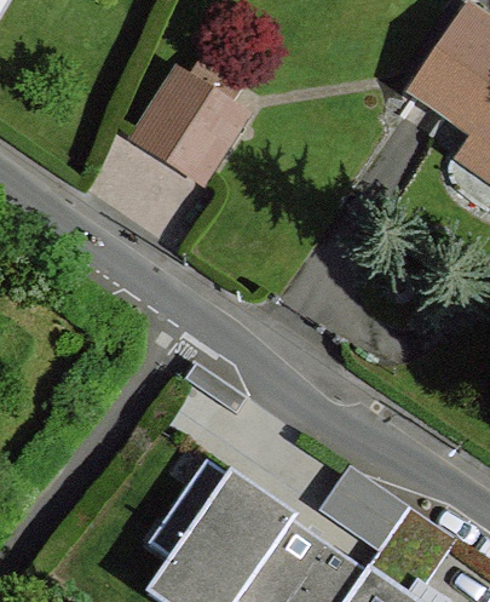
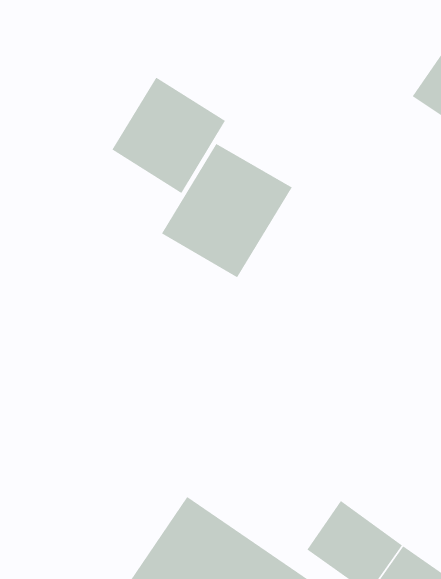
building: none -> [161,143,292,278]

